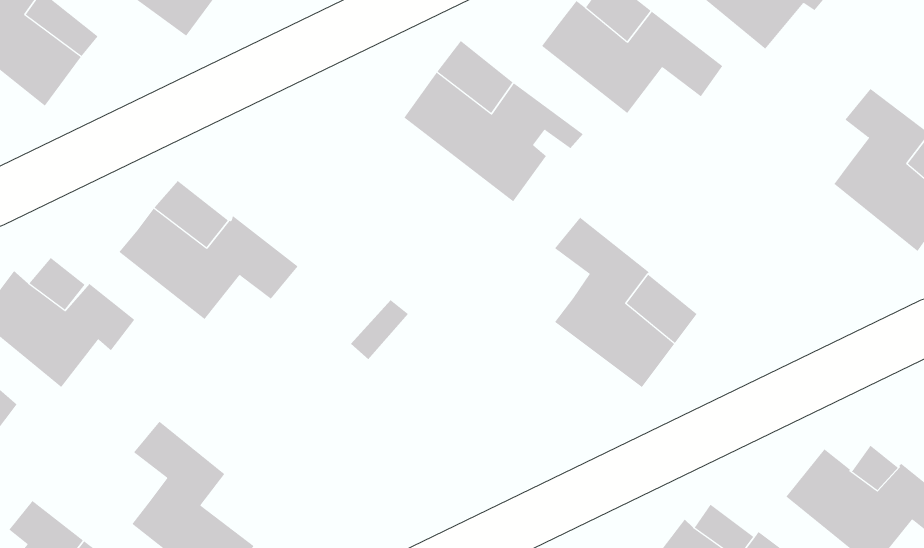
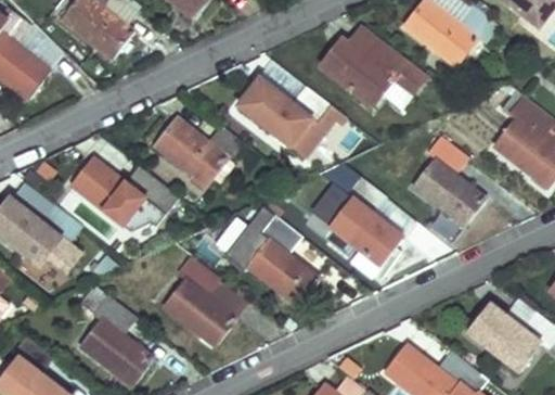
building: none -> [153,118,256,188]
building: none -> [411,136,485,228]
building: none -> [235,204,319,307]
building: none -> [163,257,235,347]

